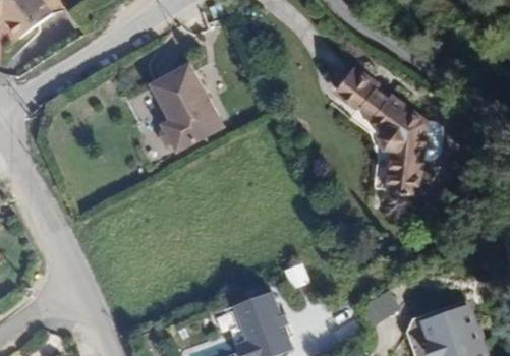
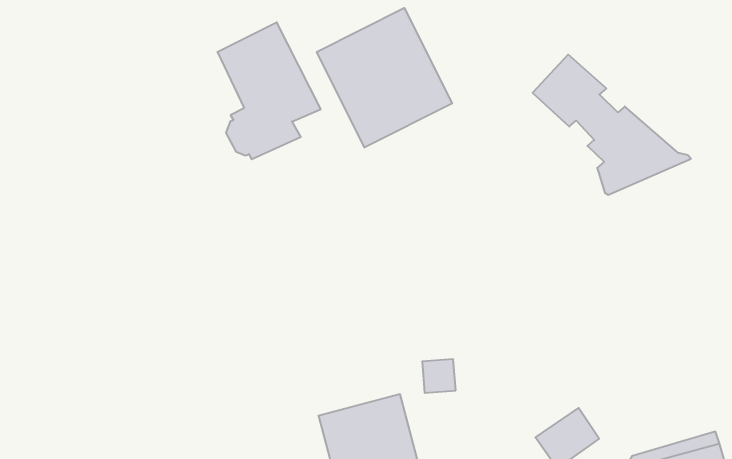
building: none -> [317,8,452,148]
building: [389,129,447,200] -> none

